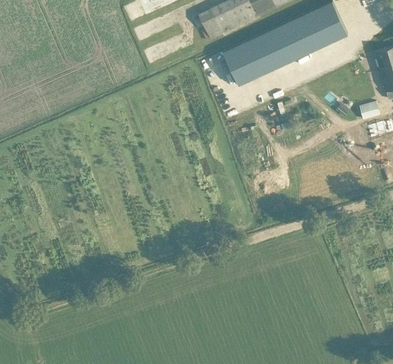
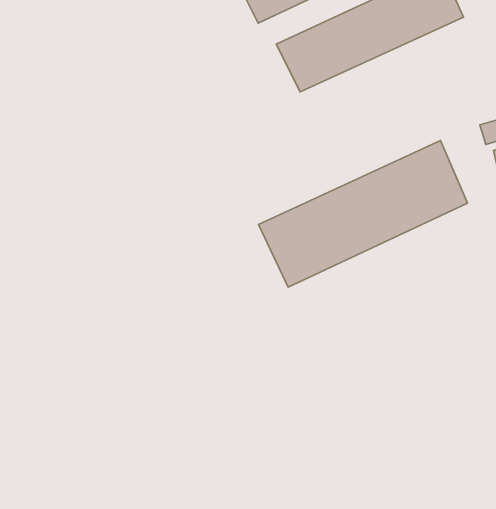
building: none -> [259,140,468,287]

